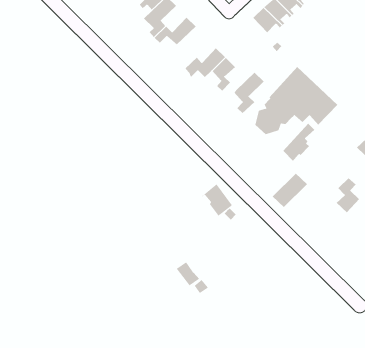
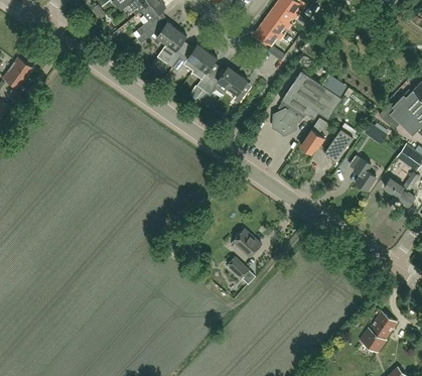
building: [234,72,264,114] -> [192,51,218,90]
building: [272,173,308,208] -> [324,129,354,161]
building: [199,184,233,216] -> [231,229,261,257]

